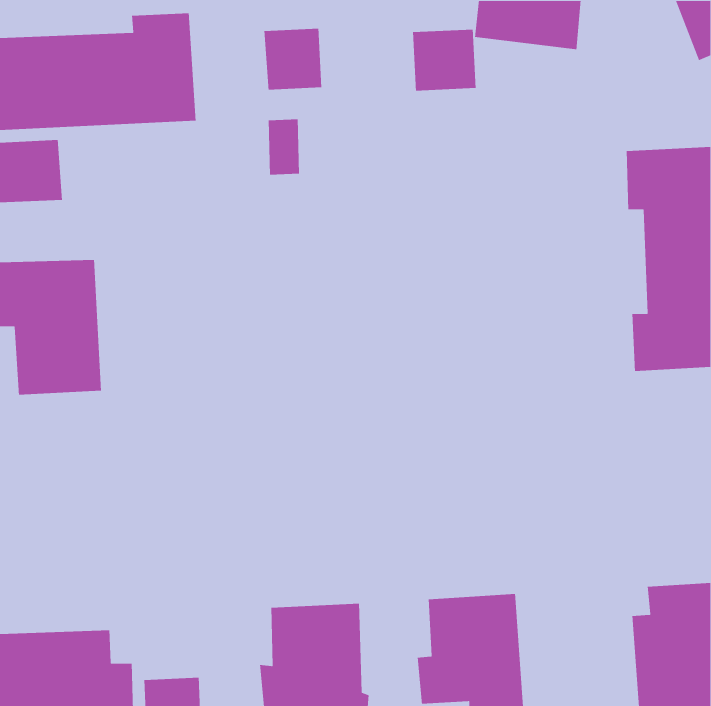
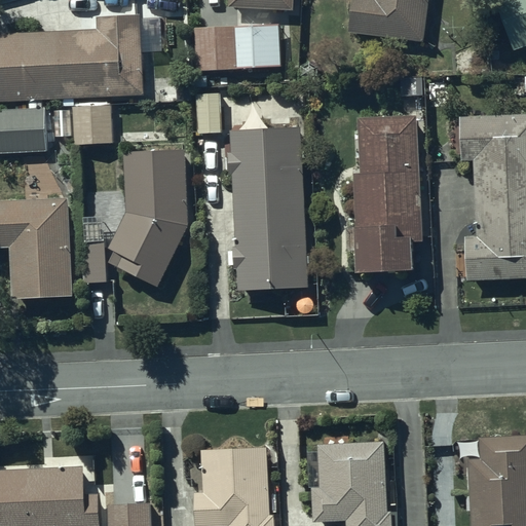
building: [412,29,476,91] -> [235,23,283,69]
building: none -> [73,103,112,145]
building: none -> [354,114,424,265]
building: none -> [228,126,309,289]
building: none -> [109,148,189,287]

